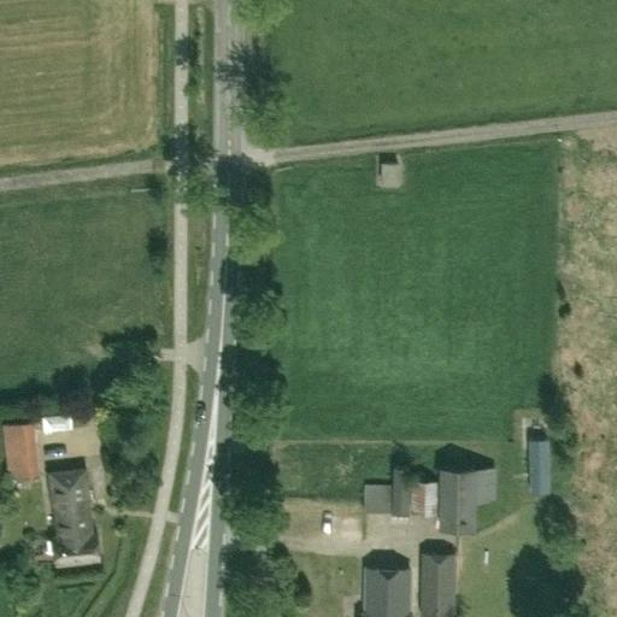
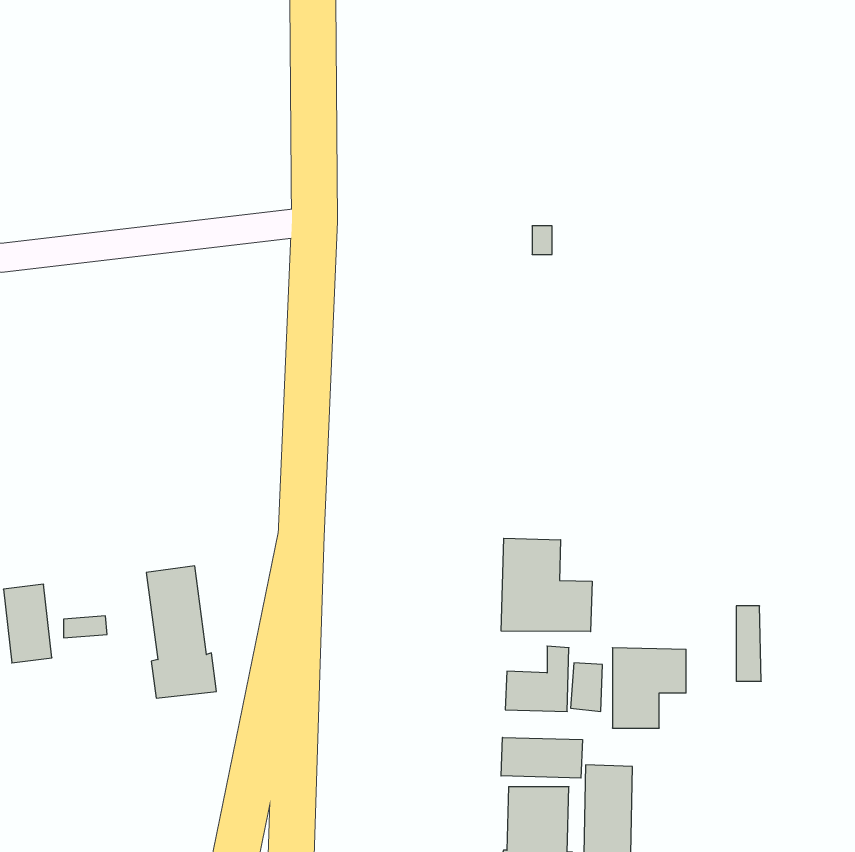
building: none -> [501,538,592,632]
building: [49,470,100,565] -> [146,566,216,698]
building: none -> [501,737,582,778]

